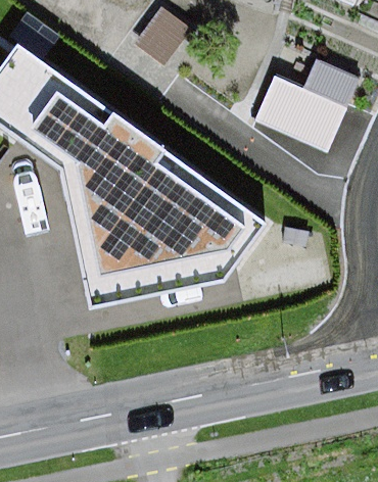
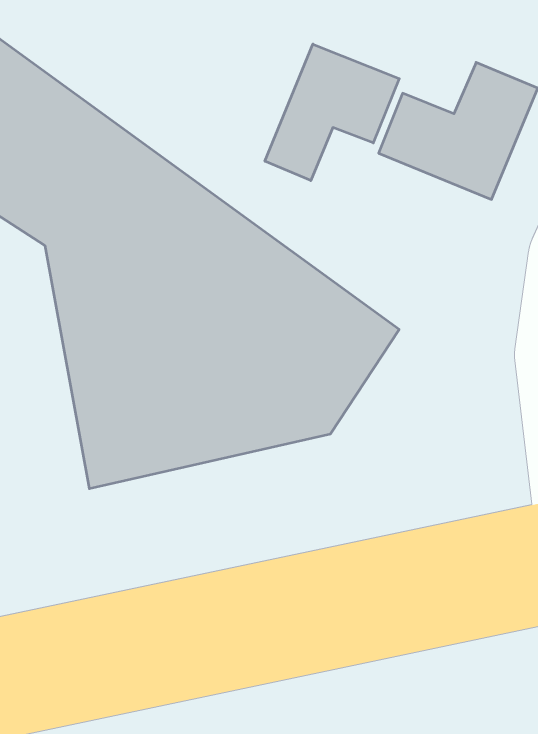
building: none -> [265,44,399,181]

